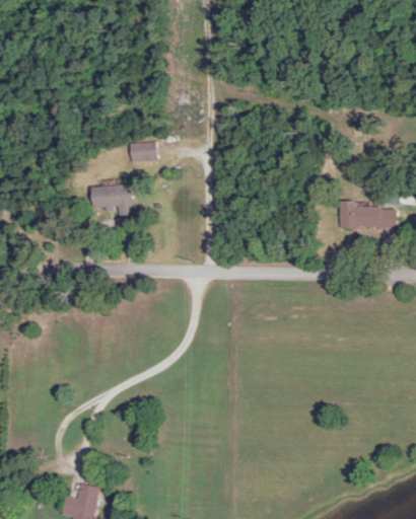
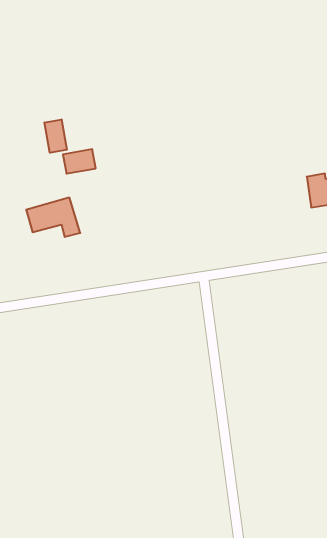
building: none -> [44,119,67,153]

